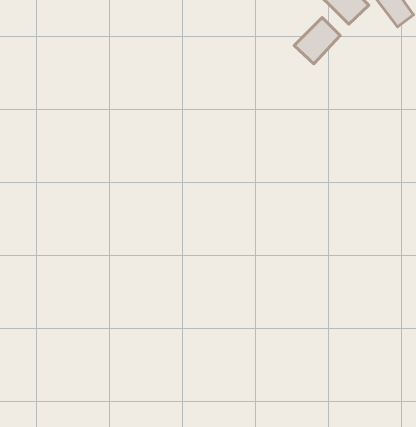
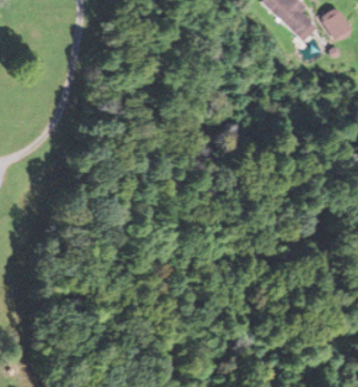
building: [294,17,340,64] -> none

